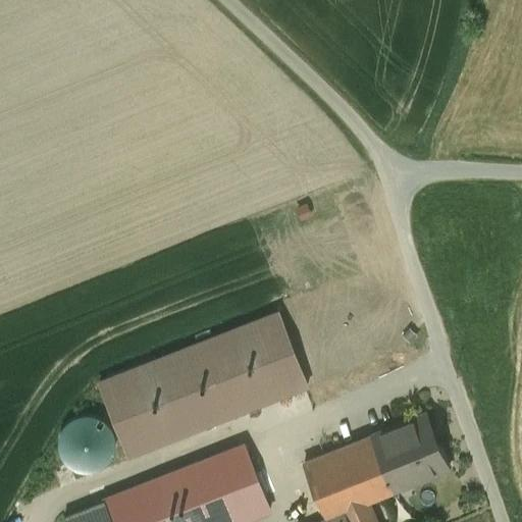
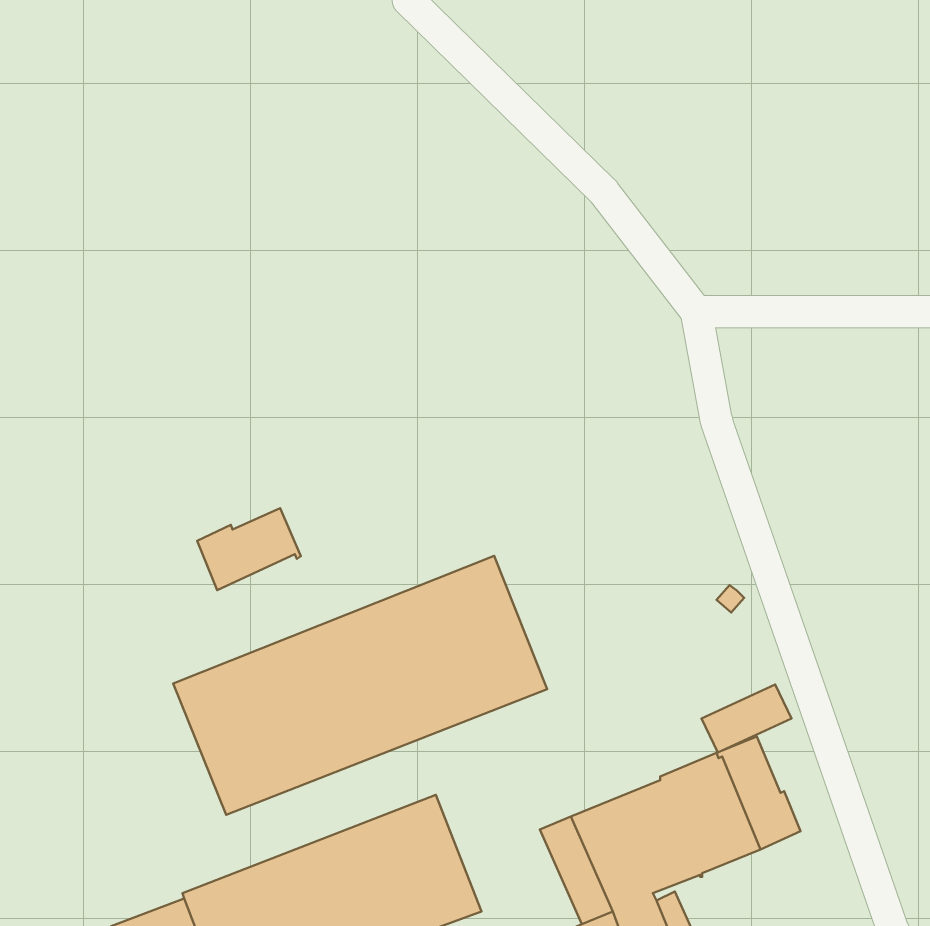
building: none -> [197,508,301,590]
building: none -> [701,685,792,752]
building: [58,418,115,475] -> none

